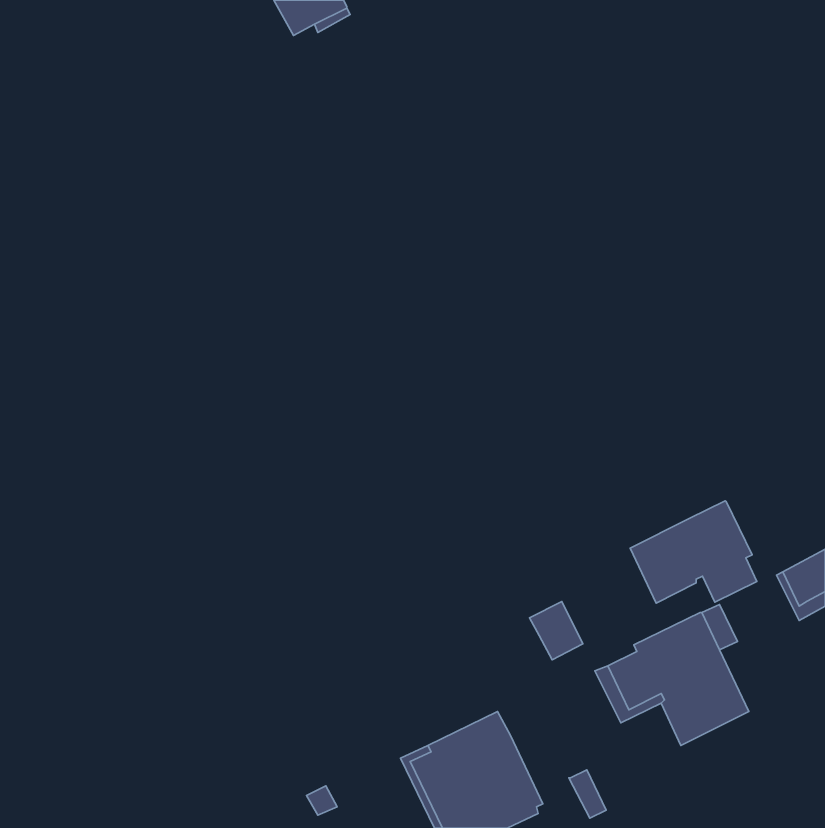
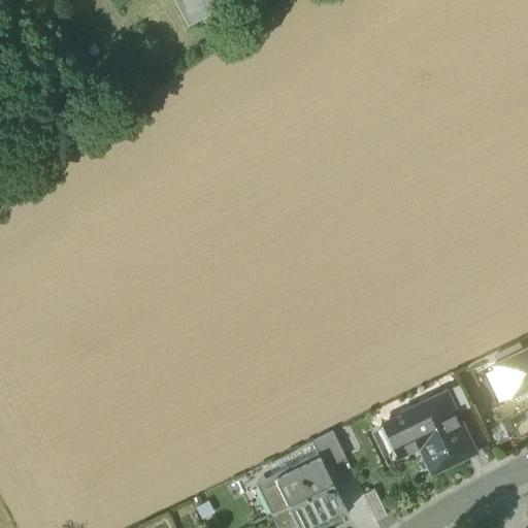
building: [630,501,757,603] -> none
building: [529,602,583,660] -> [310,431,344,468]

